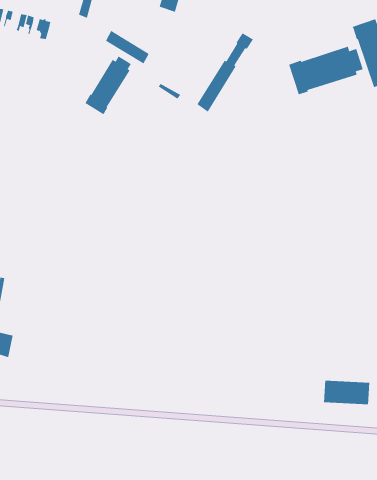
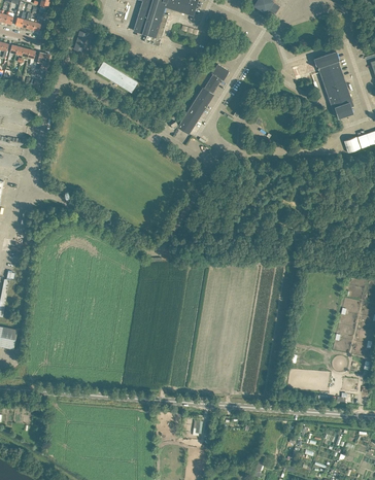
building: [288,46,363,95] -> none
building: [84,56,132,115] -> none

